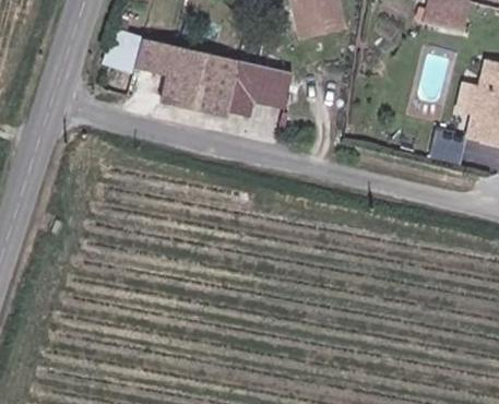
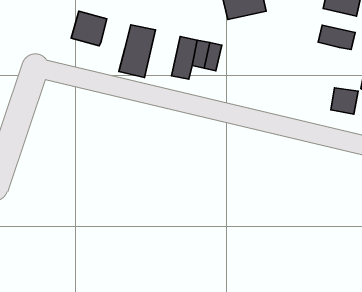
building: [138,38,176,76] -> none
building: none -> [318,25,355,50]
building: [193,52,239,121] -> none

